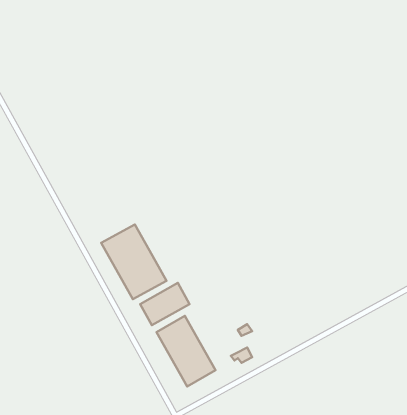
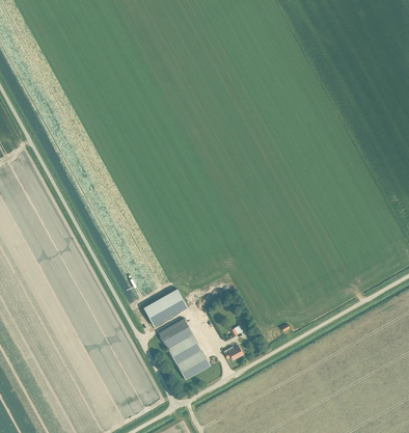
building: [101,224,167,299] -> none

